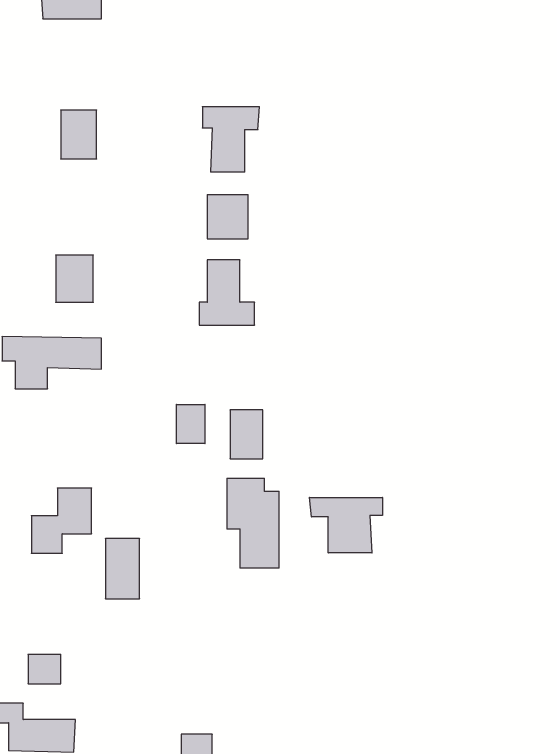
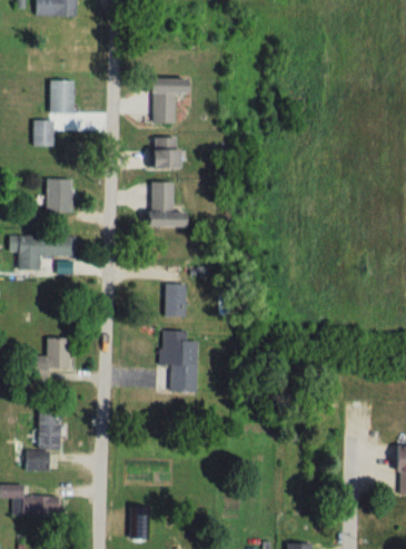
building: none -> [34,119,56,146]
building: [176,404,205,444] -> none
building: [309,497,382,553] -> none
building: [105,539,140,599] -> [39,408,62,449]

